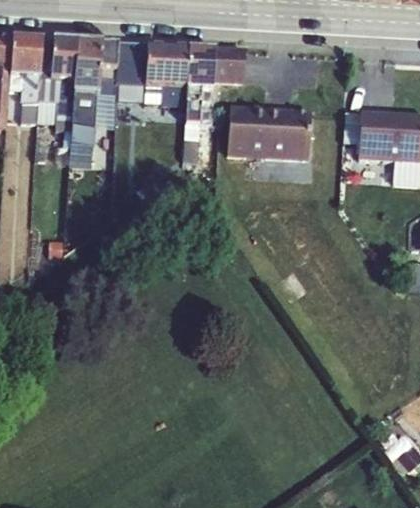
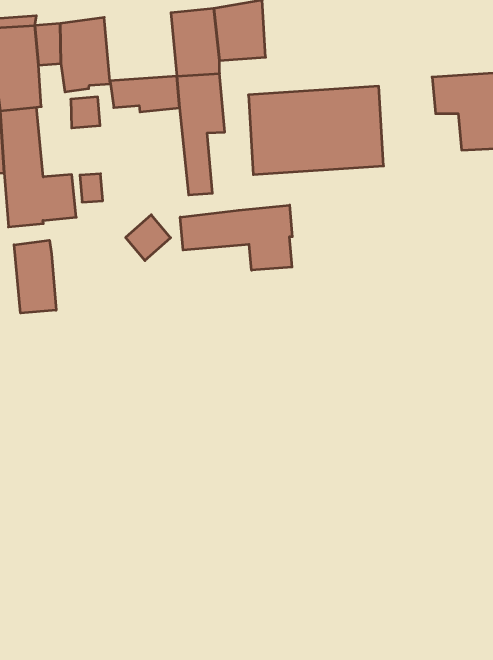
building: [145,44,189,87] -> none
building: none -> [180,205,292,270]
building: none -> [14,240,56,313]

